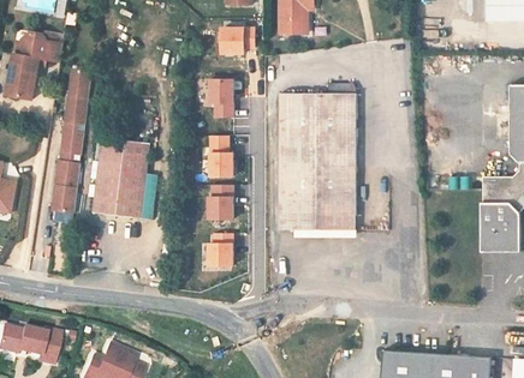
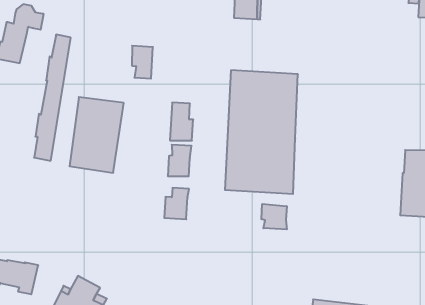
building: [220,26,256,55] -> none
building: [210,80,234,116] -> [132,46,153,79]
building: none -> [261,204,287,229]

